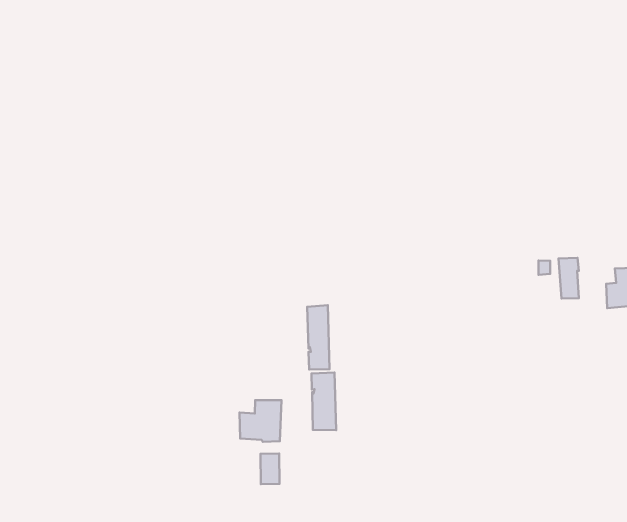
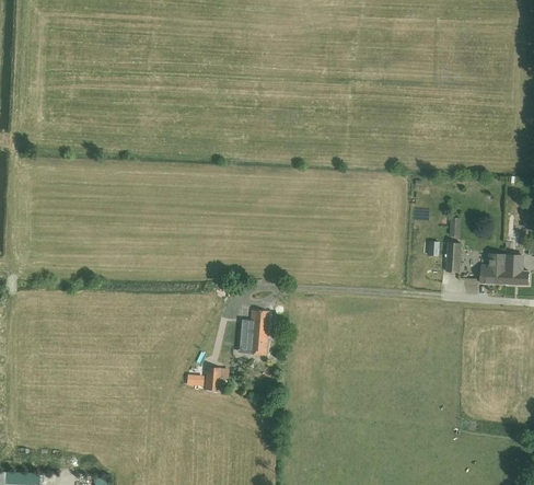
building: [307,305,330,369] -> none
building: [240,400,281,442] -> none

